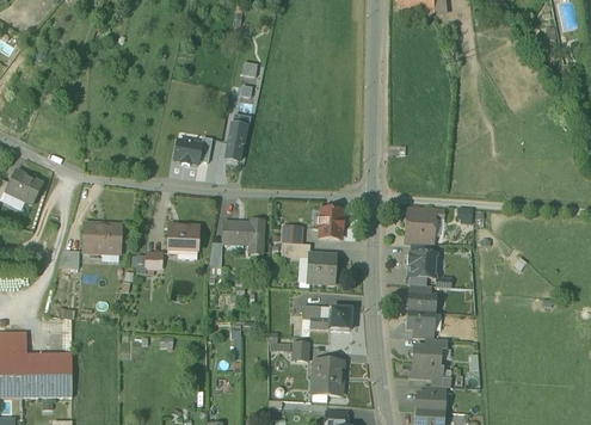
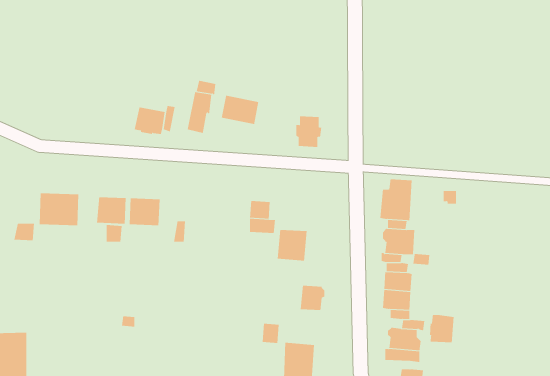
building: none -> [221,95,259,125]
building: [318,208,343,238] -> [295,116,322,147]
building: [223,218,263,252] -> none
building: none -> [97,196,126,224]
building: [302,304,331,328] -> none
building: none -> [429,314,454,343]

